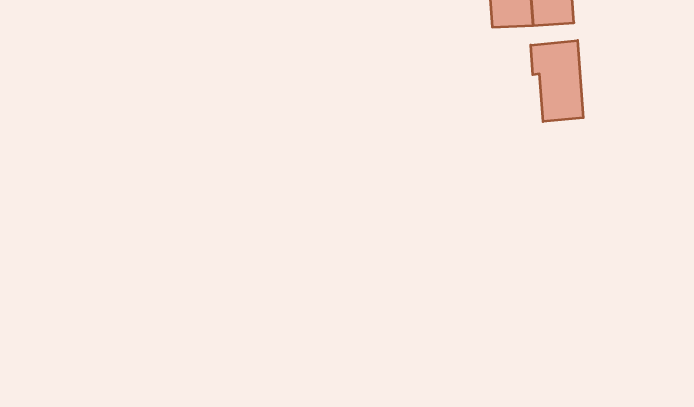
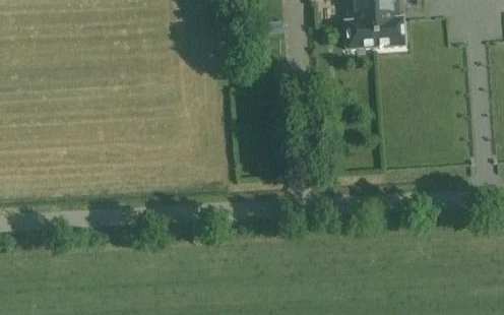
building: [531,40,583,122] -> none

